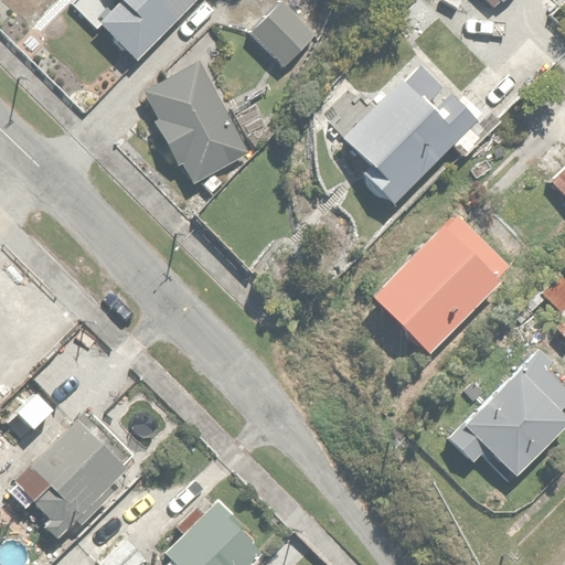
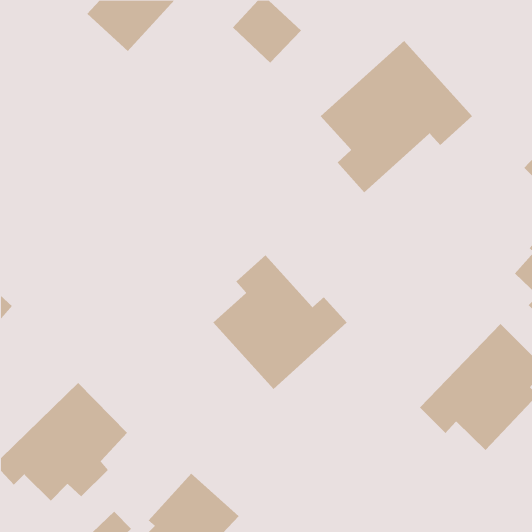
building: [148,63,252,183] -> none
building: [370,214,508,349] -> none
building: none -> [212,254,348,390]

